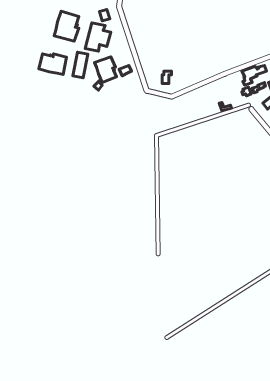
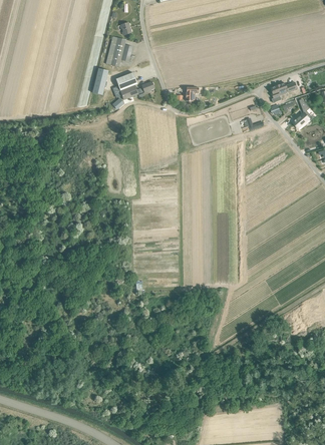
building: [54,11,79,41] -> none
building: [39,54,66,74] -> none

